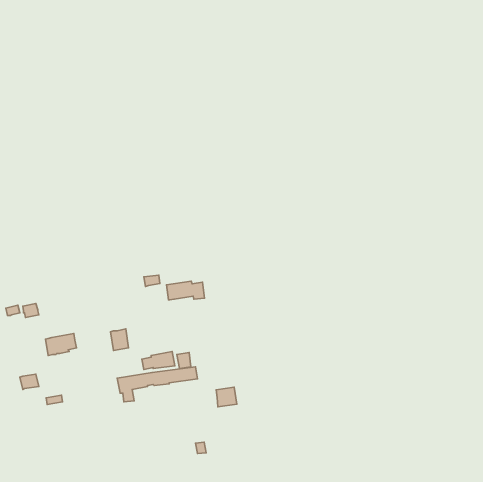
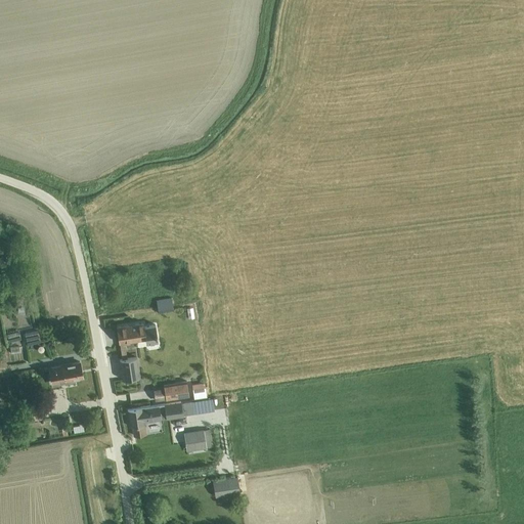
building: [167,281,204,300] -> [117,323,158,344]
building: [216,387,237,407] -> [184,430,207,451]

